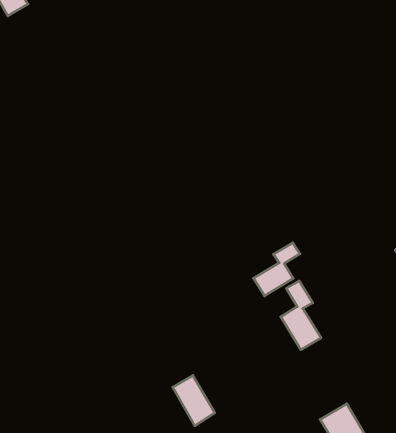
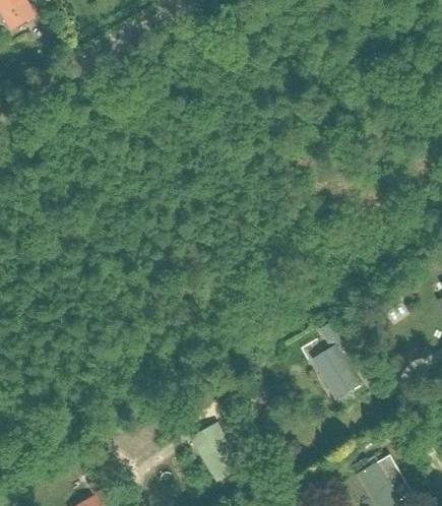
building: [253,243,300,296] -> none

